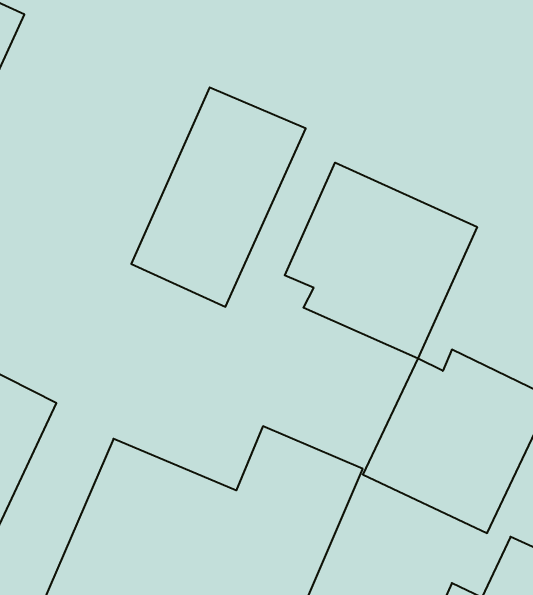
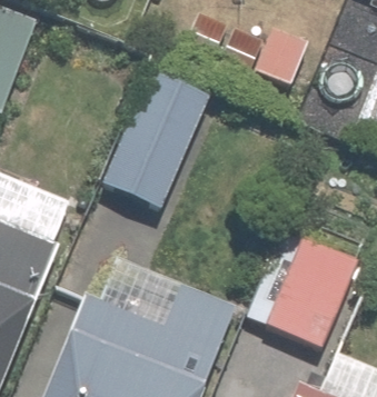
building: [285,163,477,358] -> none

